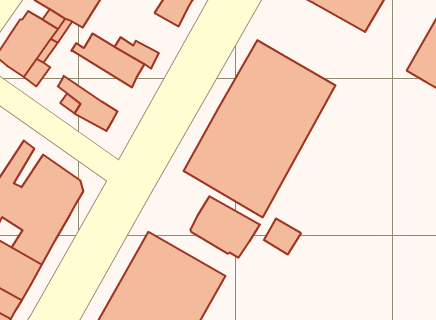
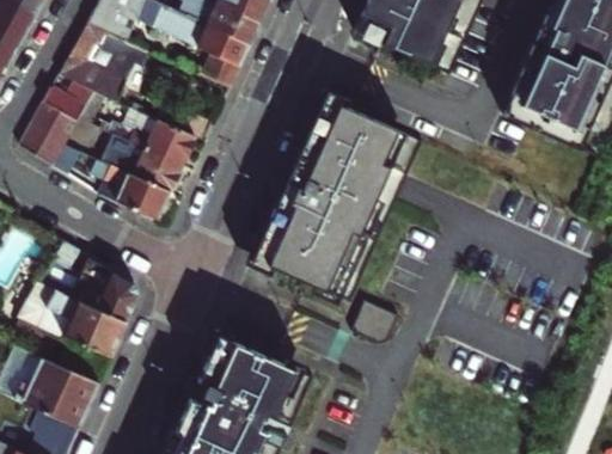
building: none -> [104,129,182,195]
building: [191,196,260,258] -> none

